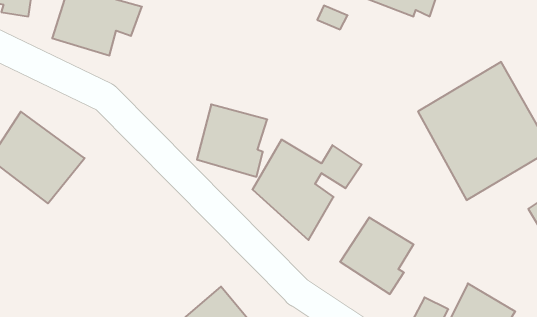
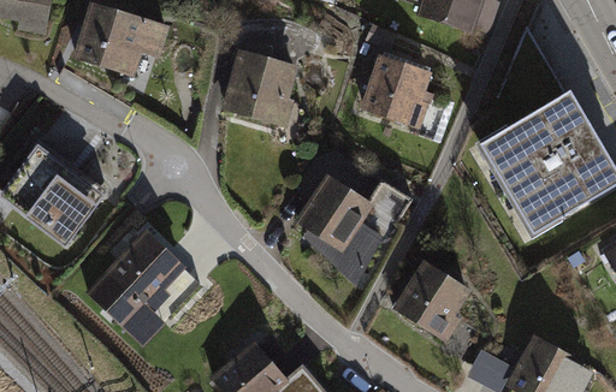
building: none -> [359,54,434,130]
building: [197,104,267,177] -> [221,48,300,129]
building: none -> [85,230,184,344]

